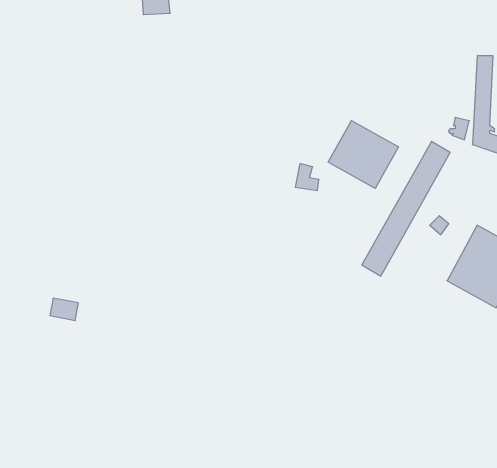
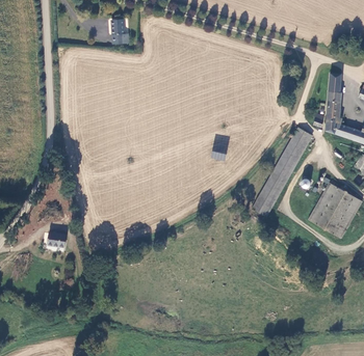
building: [328,121,398,188] -> none

